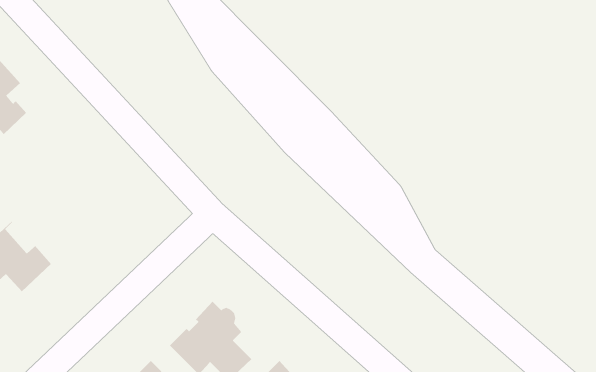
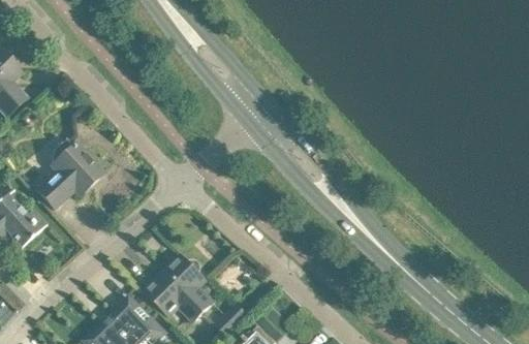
building: none -> [36,138,104,209]

